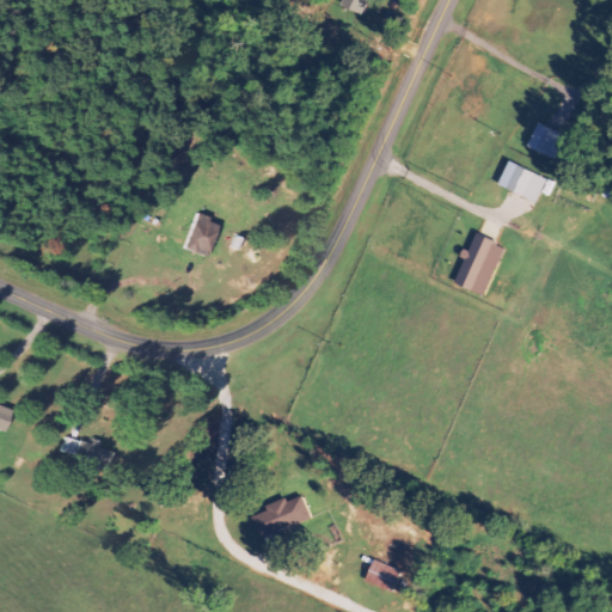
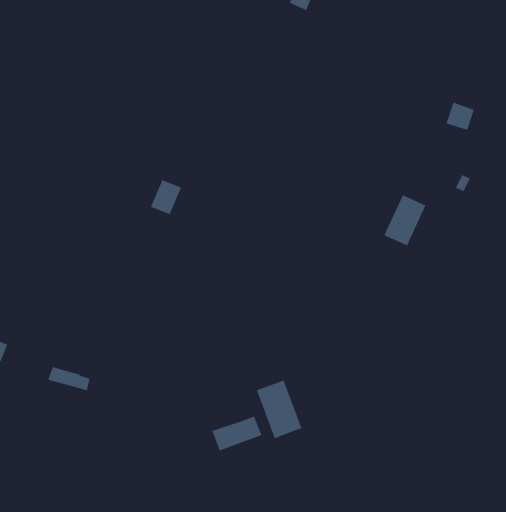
building: [498,159,547,201] -> none
building: none -> [256,379,302,439]
building: [366,558,399,589] -> none

